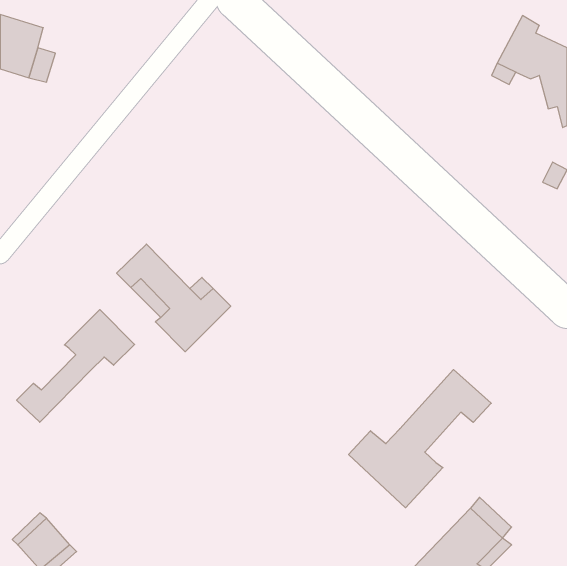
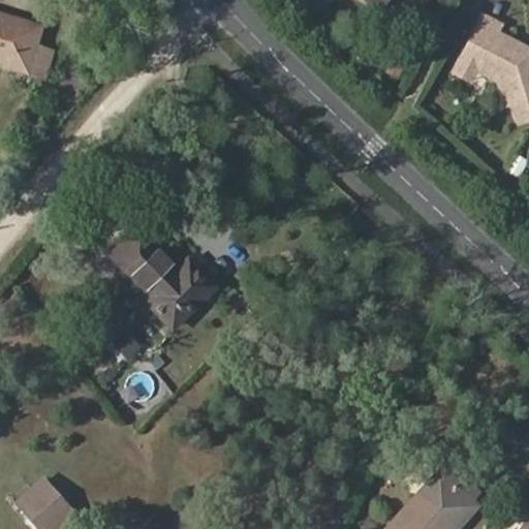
building: [17,310,135,422] -> none
building: [349,370,491,508] -> none

